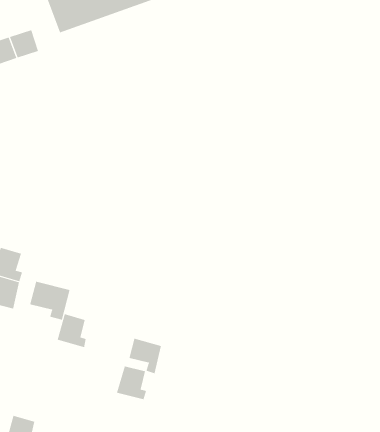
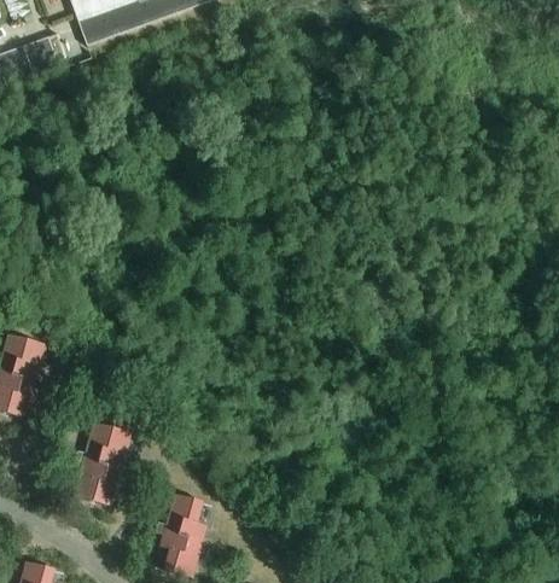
building: [29,281,70,321] -> none
building: [129,338,161,374] -> none
building: none -> [81,456,122,503]
building: none -> [162,527,202,573]

